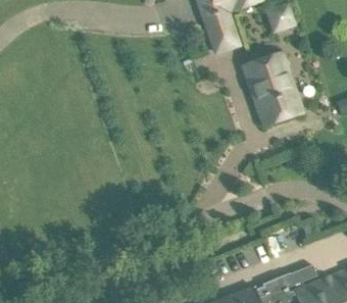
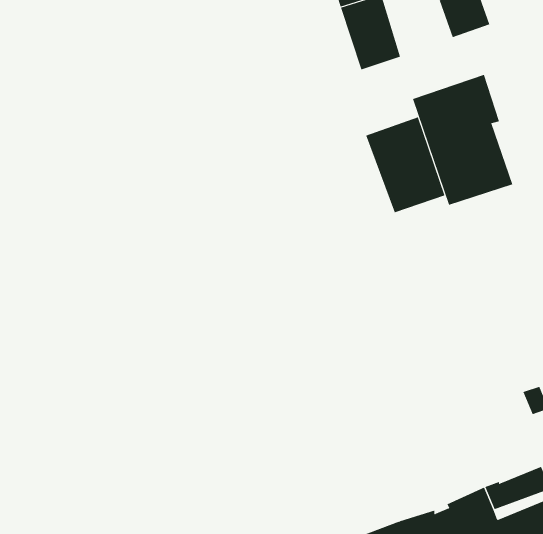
building: none -> [366,116,445,213]

